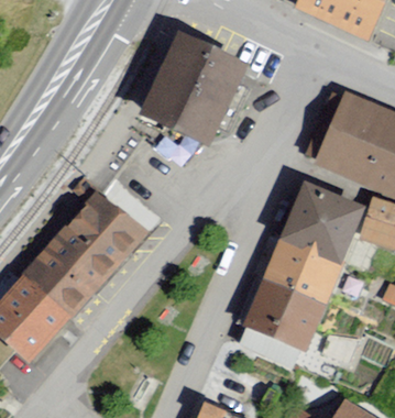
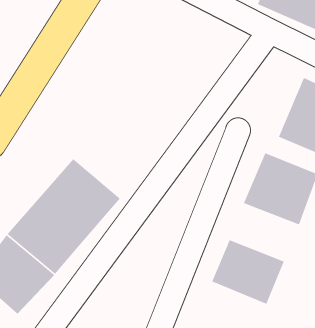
building: [141,30,248,143] -> none
building: [265,238,343,301] -> none

